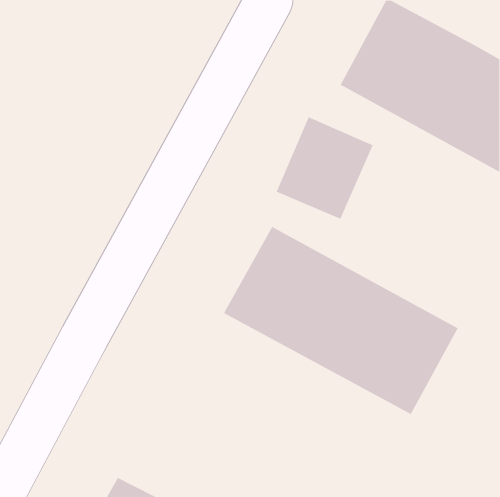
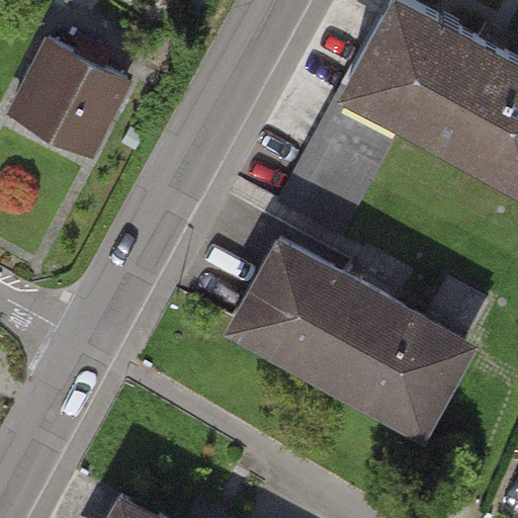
building: none -> [10,45,123,158]

